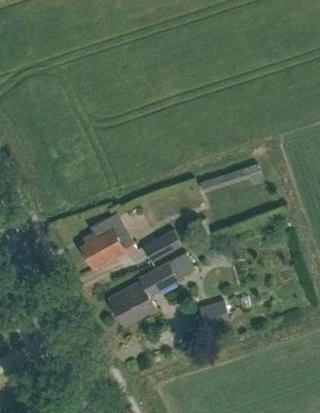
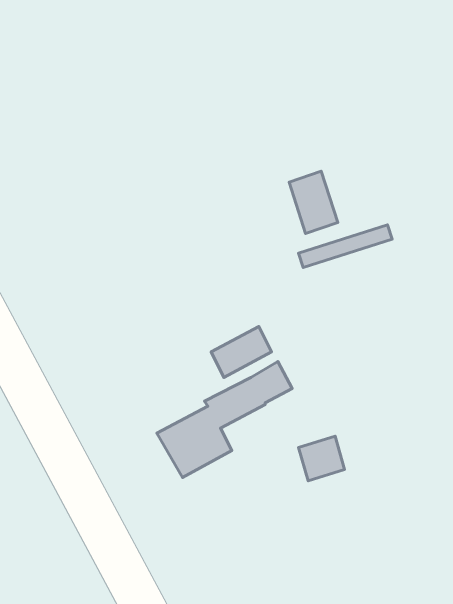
building: none -> [289,171,338,234]
building: [77,213,133,270] -> none

